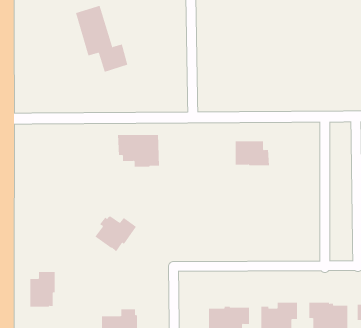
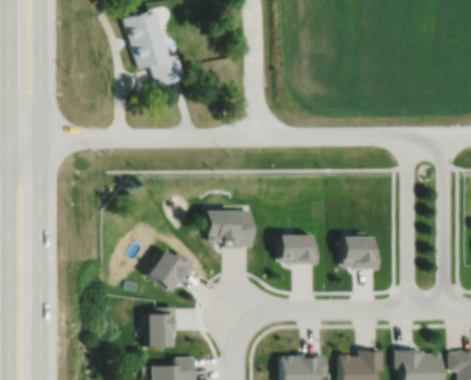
building: [117,134,160,167] -> [206,210,254,248]
building: [235,141,270,166] -> [280,234,320,263]
building: none -> [343,232,381,269]
building: [29,272,55,307] -> [147,307,177,348]

